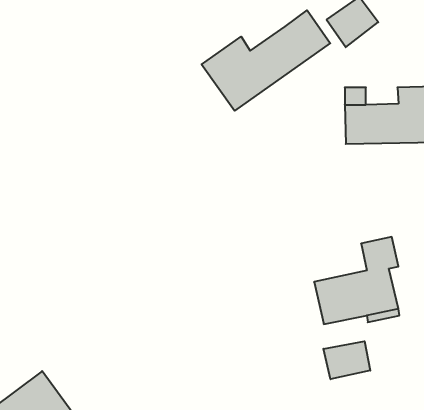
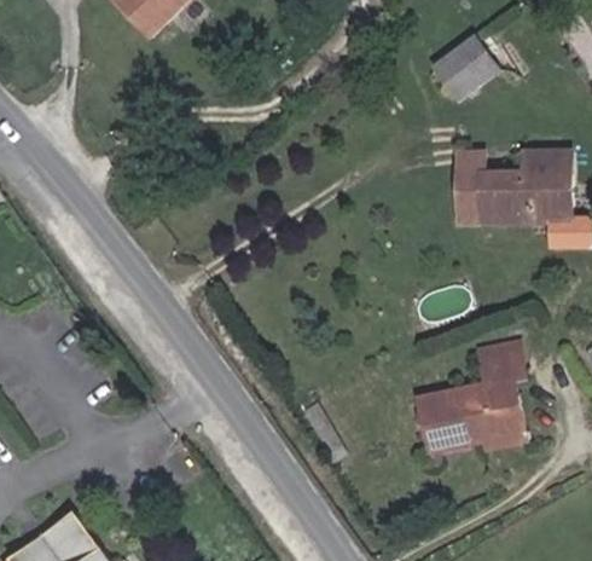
building: [202,10,330,111] -> none
building: [323,341,370,379] -> none

